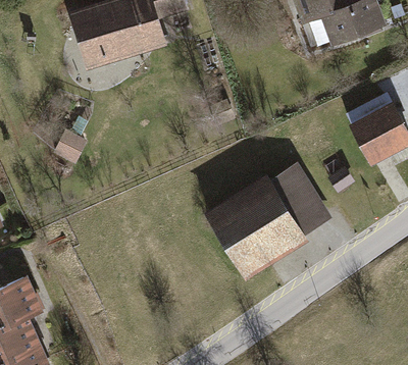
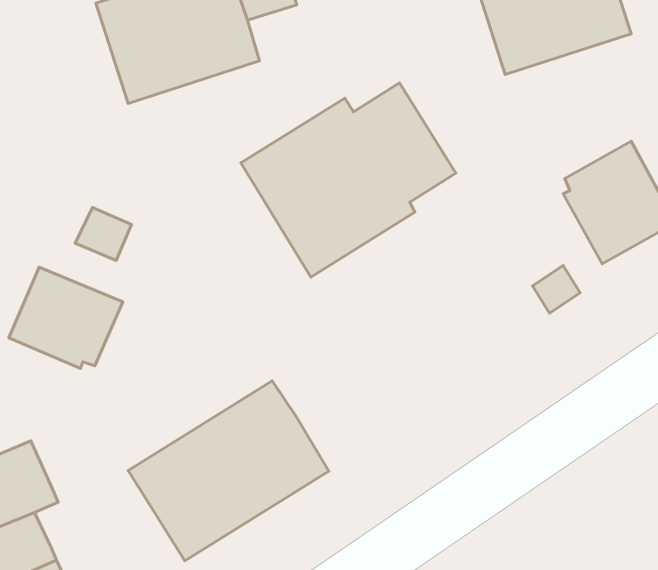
building: [202,163,330,279] -> [241,83,456,277]
building: none -> [9,267,123,369]
building: none -> [128,381,329,561]

